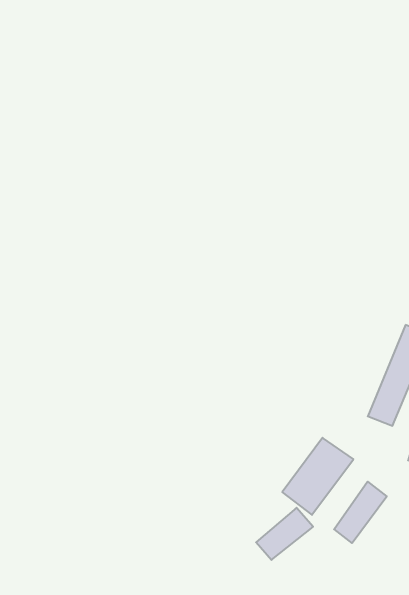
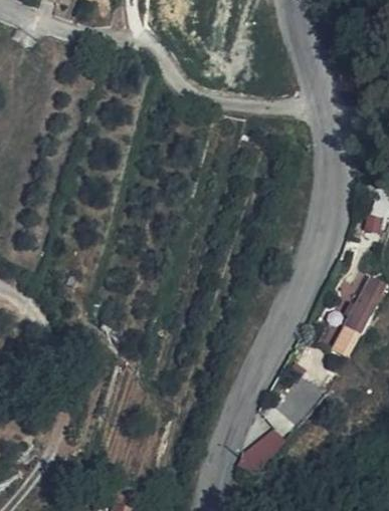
building: [334,482,387,543] -> none

